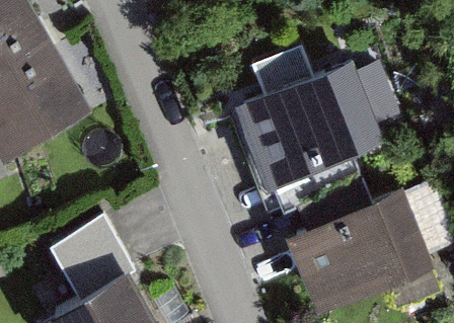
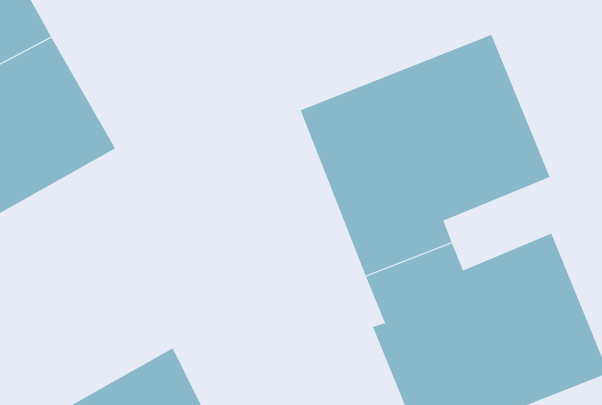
building: [50,215,132,295] -> none

